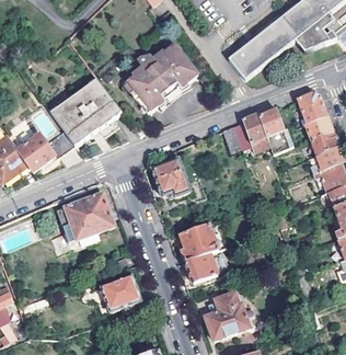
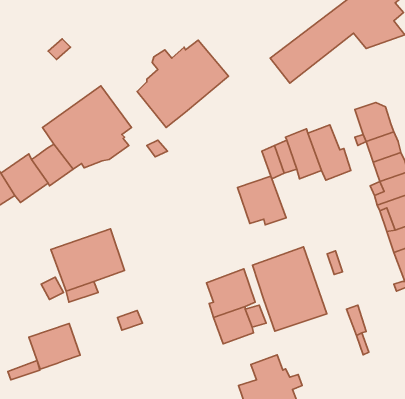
building: [152,158,191,196] -> [237,176,286,225]
building: none -> [252,247,327,331]
building: [101,275,141,311] -> [29,323,80,369]

